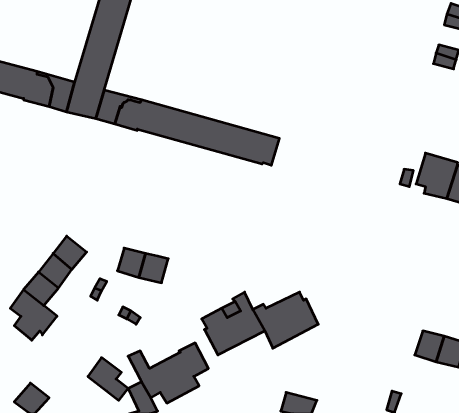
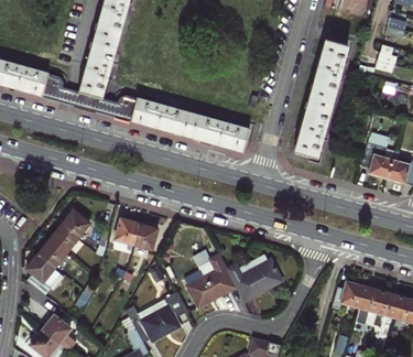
building: none -> [294,39,347,158]
building: none -> [333,281,367,307]
building: [88,358,128,400] -> [44,314,77,349]

